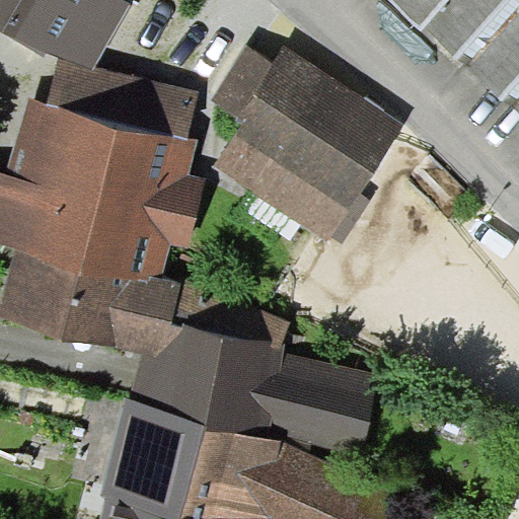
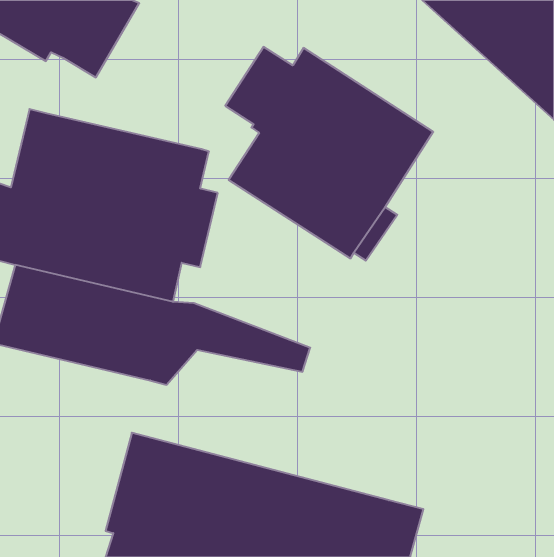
building: [44,54,198,139] -> none
building: [123,325,379,465] -> none

